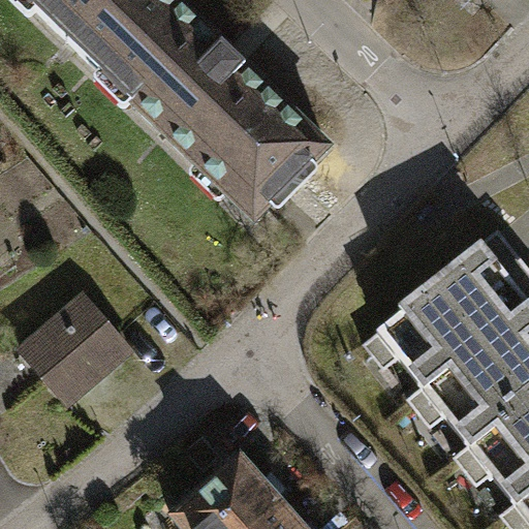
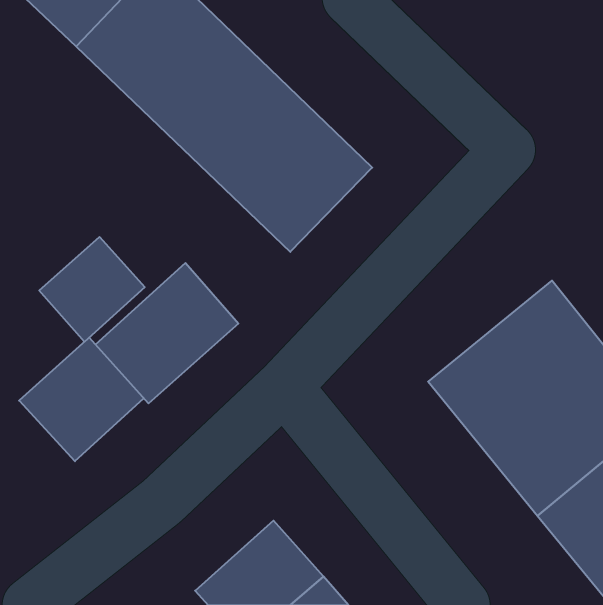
building: none -> [39,237,145,342]
building: none -> [95,263,238,403]

